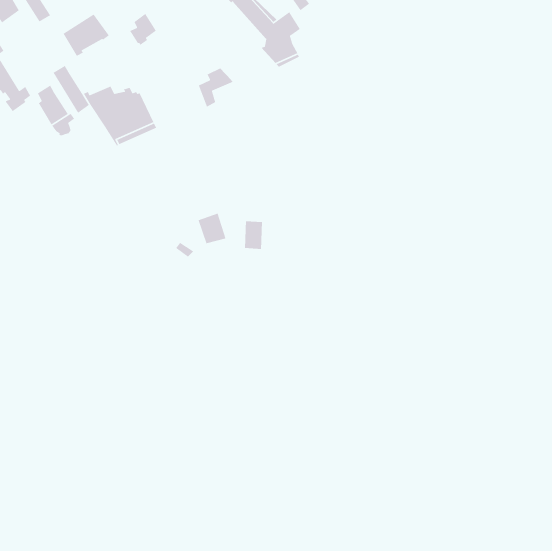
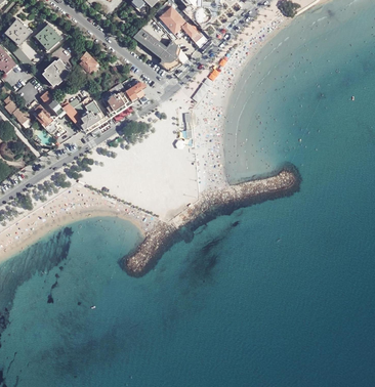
building: none -> [102,87,132,117]

